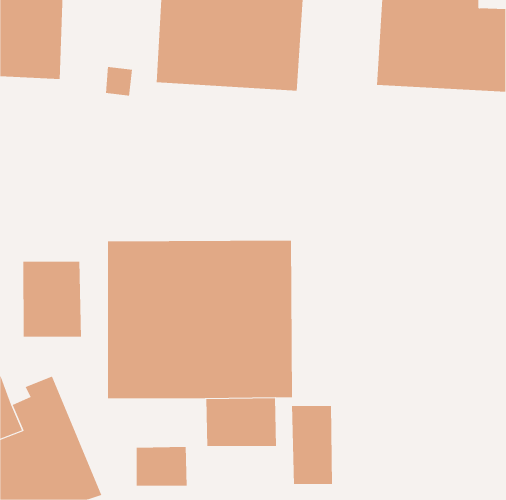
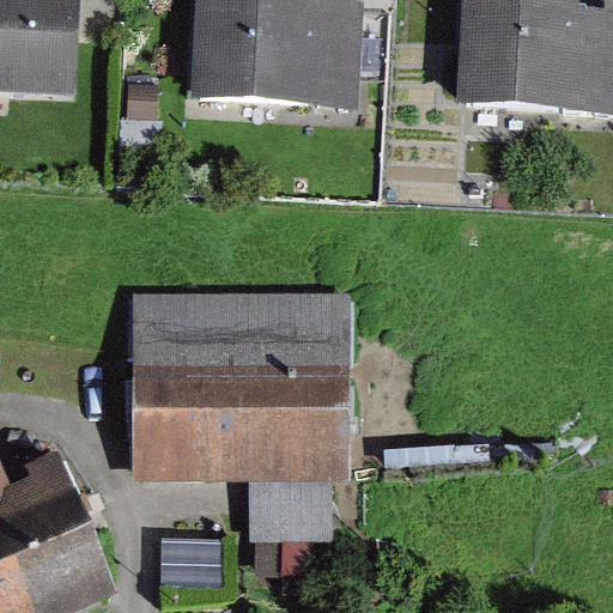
building: [23,261,81,337] -> none
building: [292,405,333,485] -> none

